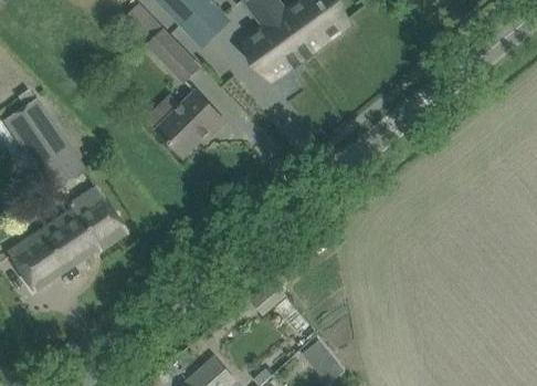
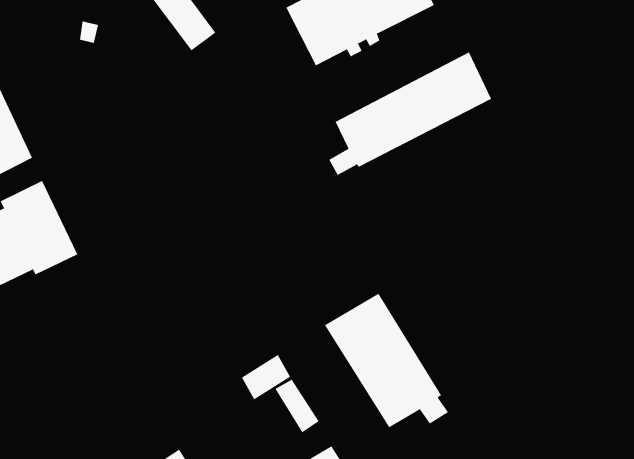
building: none -> [329,52,492,176]
building: [154,88,225,157] -> none
building: none -> [324,293,449,428]

